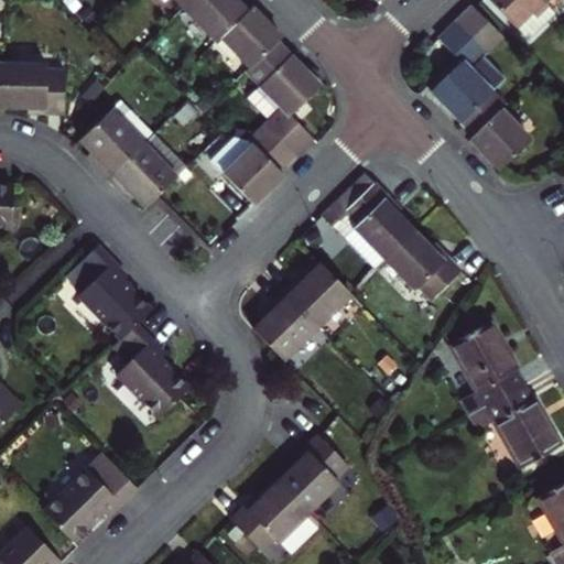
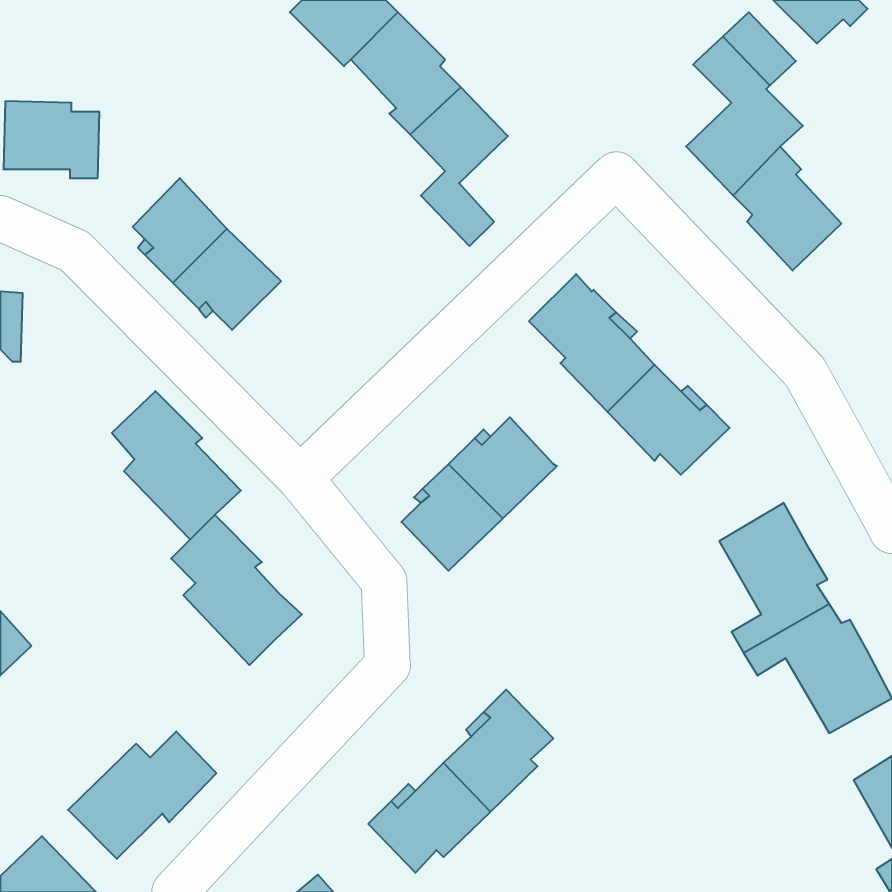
building: [223,123,296,205] -> none

